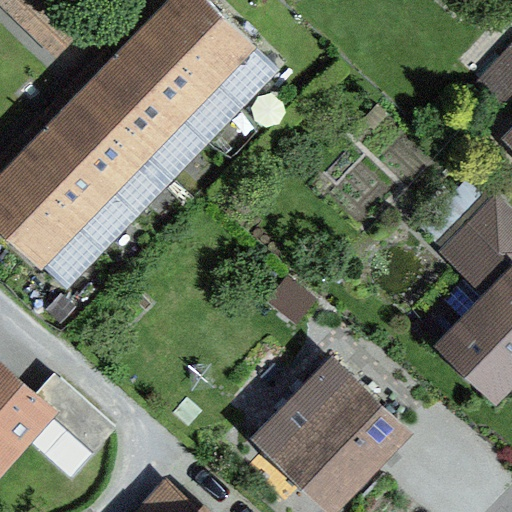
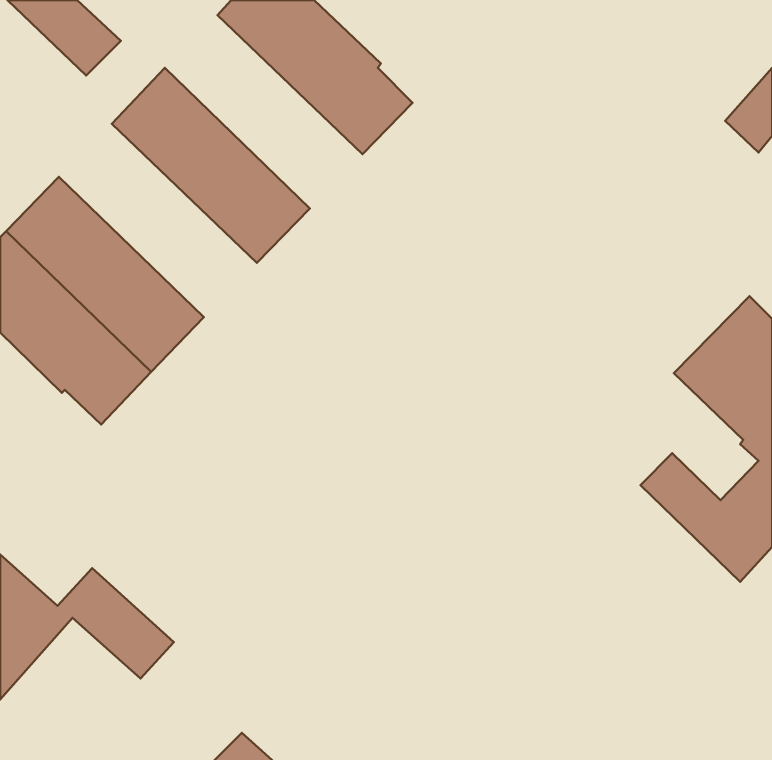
building: [109,18,240,146] -> none
building: [39,90,170,218] -> none
building: [258,365,403,506] -> none

